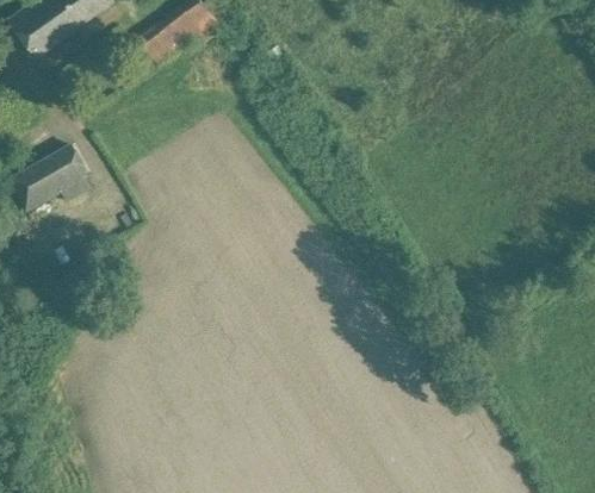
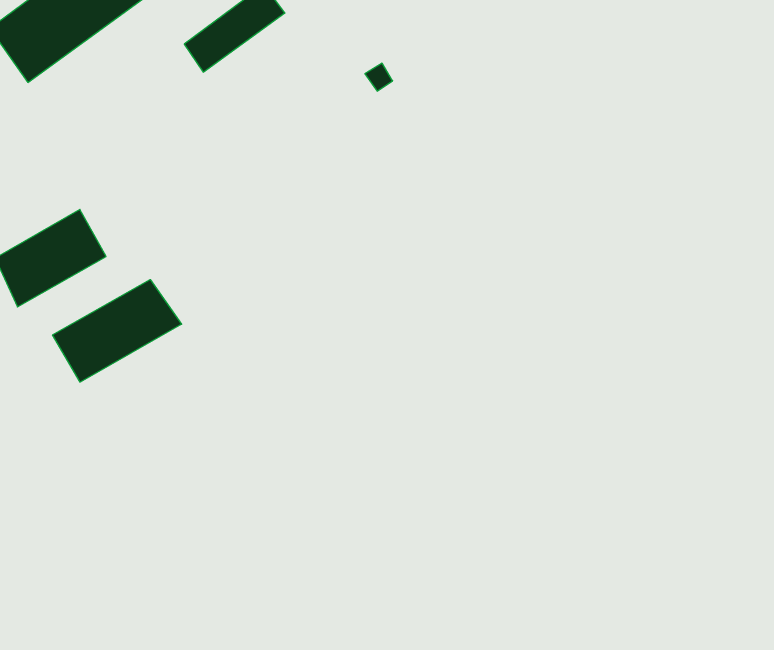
building: none -> [53,280,182,382]

